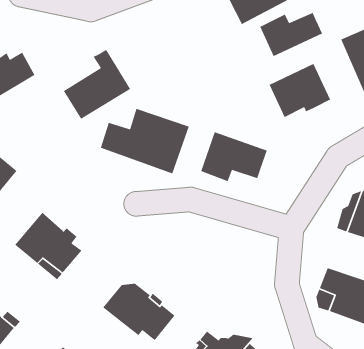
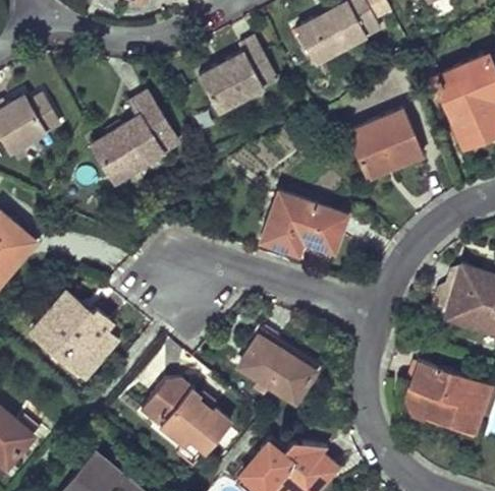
building: none -> [199,38,279,114]
building: [259,12,323,57] -> none
building: [100,108,190,175] -> none
building: none -> [239,330,318,404]

